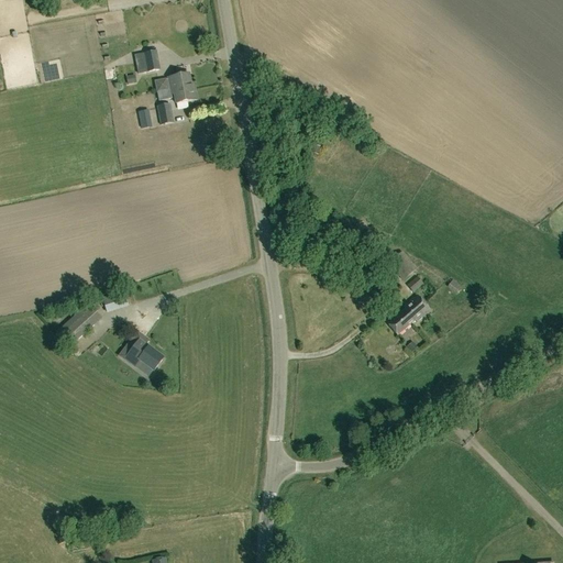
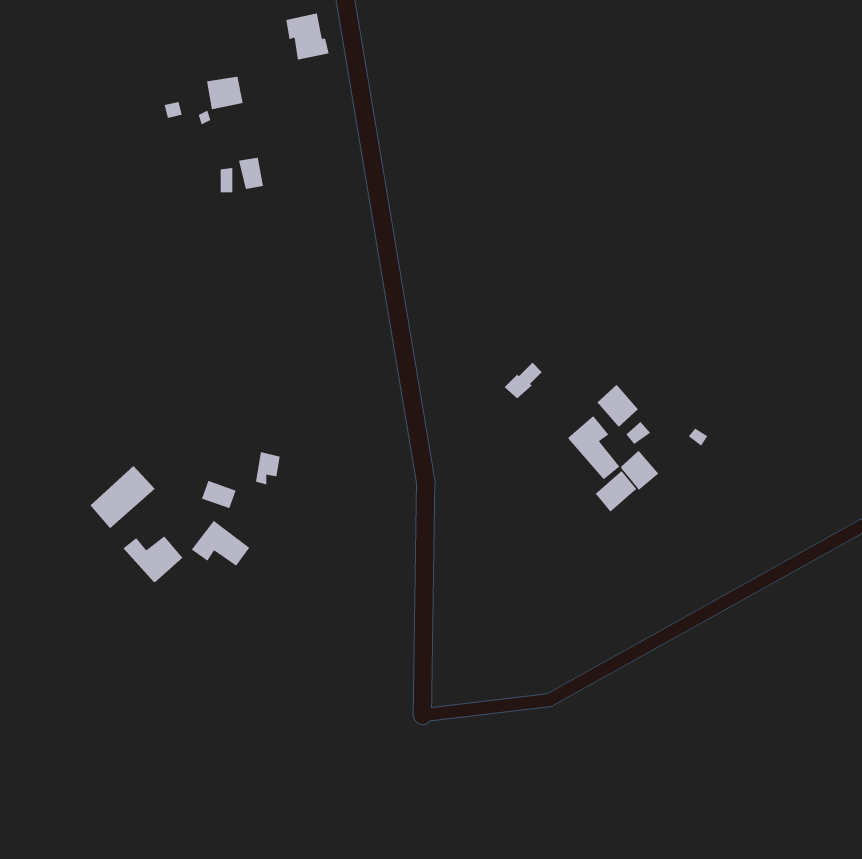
building: [167,71,196,102] -> [285,13,329,60]
building: none -> [568,415,620,480]
building: none -> [123,536,183,583]

